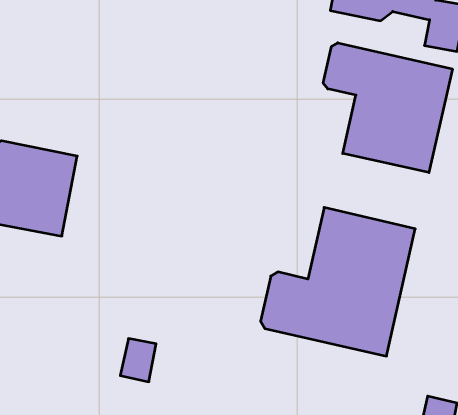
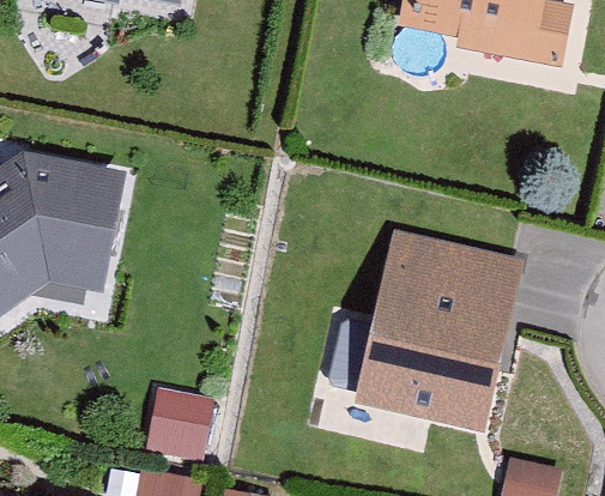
building: [323,43,452,173] -> none

